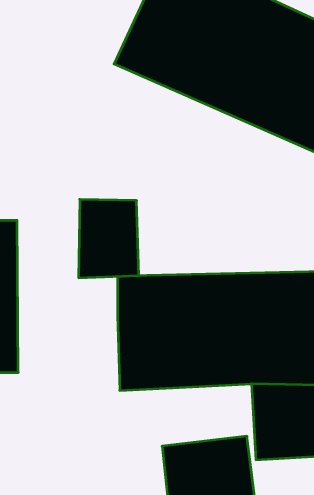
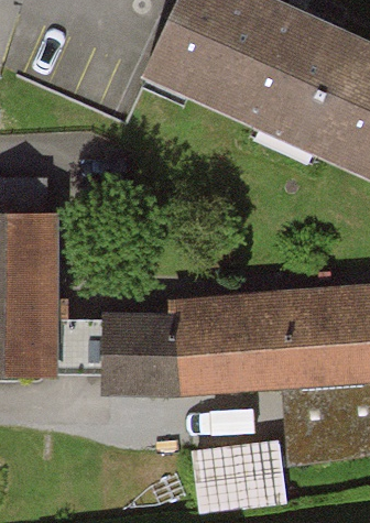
building: [79,199,139,278] -> [95,322,154,399]

